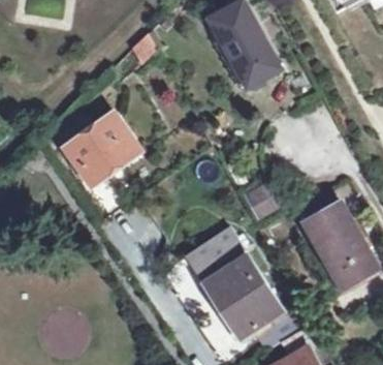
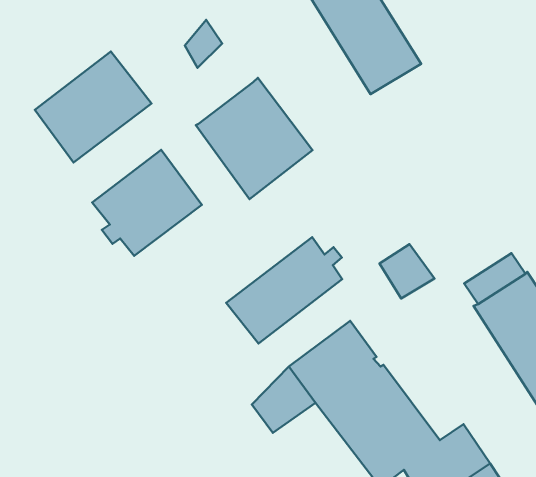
building: none -> [35,51,151,163]
building: none -> [196,78,312,199]
building: none -> [226,237,342,344]

